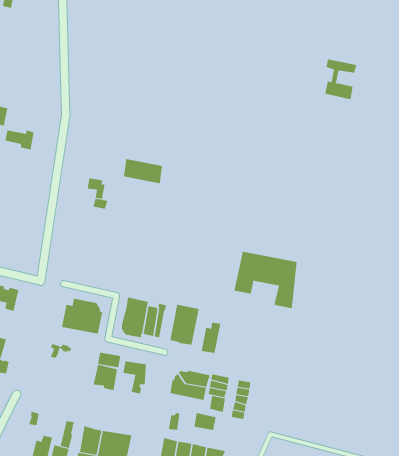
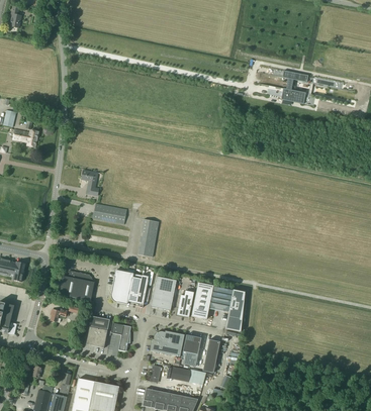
building: [123,159,163,184] -> [93,203,126,224]
building: none -> [137,219,159,256]
building: [234,251,297,309] -> [191,283,245,331]

